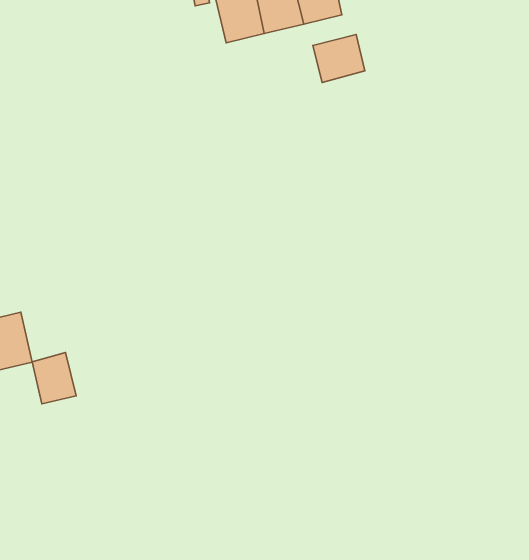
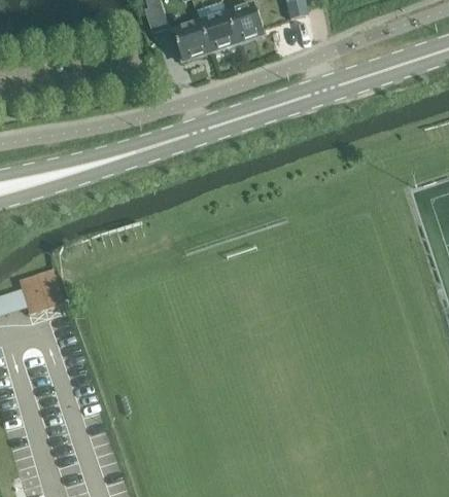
building: [313,35,365,83] -> none
building: [32,352,76,404] -> none

